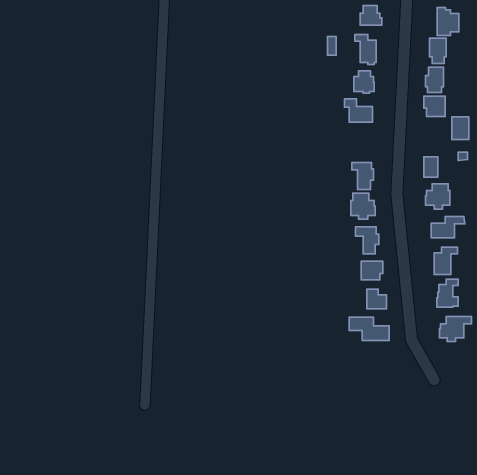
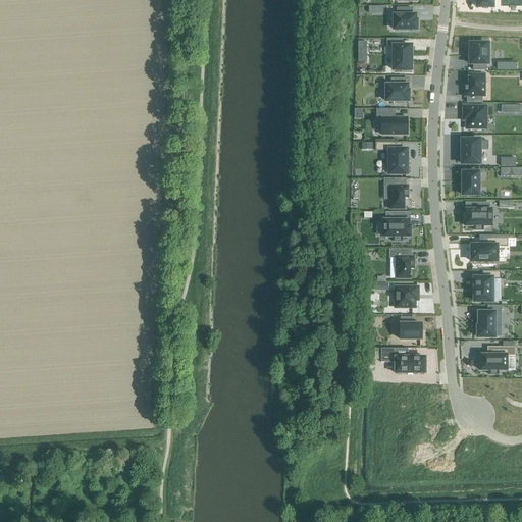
building: [437,8,459,35] -> none
building: [452,117,469,139] -> [462,139,480,163]
building: none -> [375,141,407,172]

